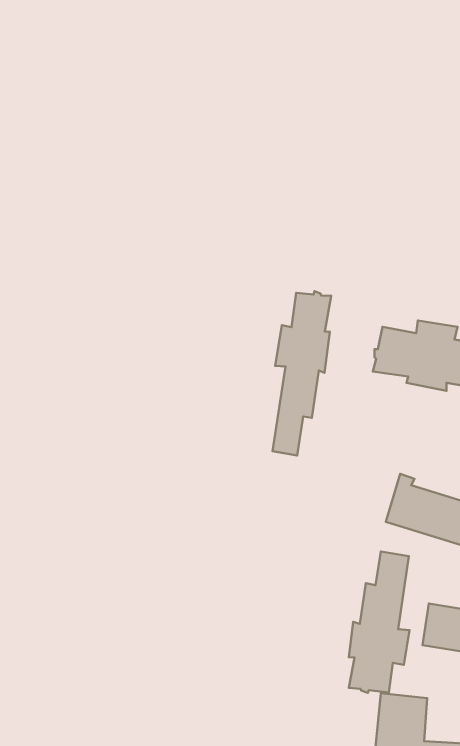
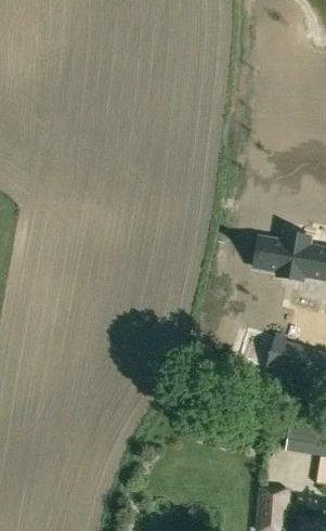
building: [273,291,331,455] -> none
building: [349,551,410,693] -> none

